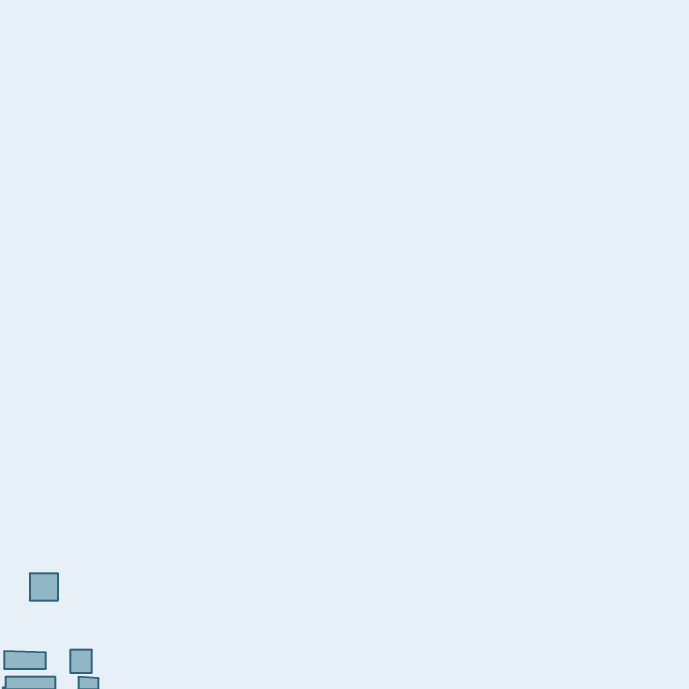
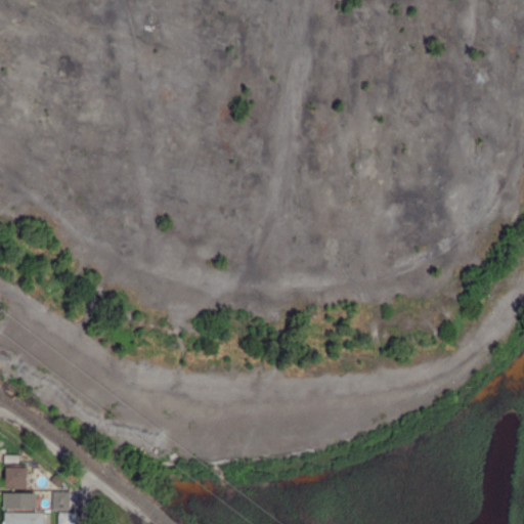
building: [30,573,58,600] -> [5,467,27,487]

